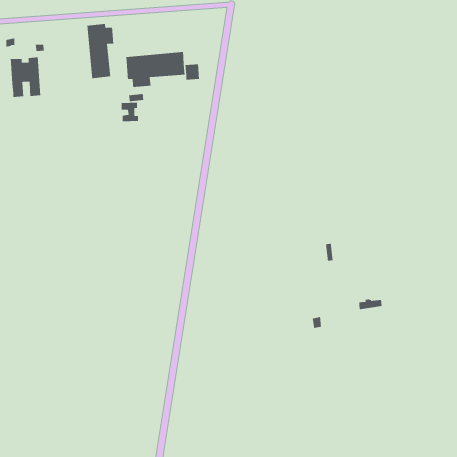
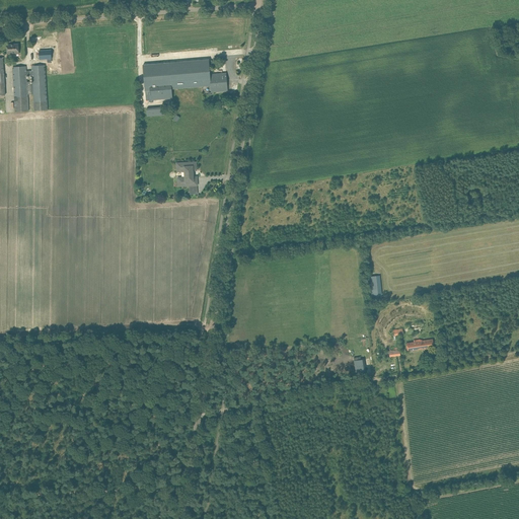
building: [87,23,114,79] -> none
building: [121,102,139,122] -> [175,161,196,184]

